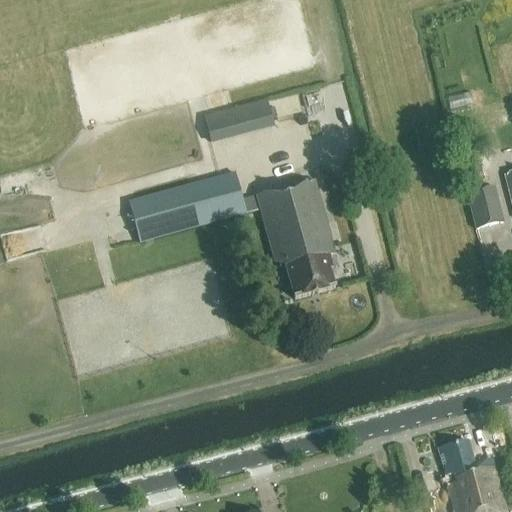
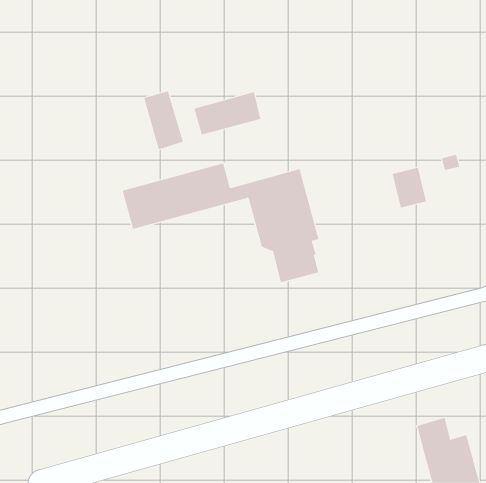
building: none -> [144,91,183,150]
building: [467,184,504,227] -> [392,167,427,208]

